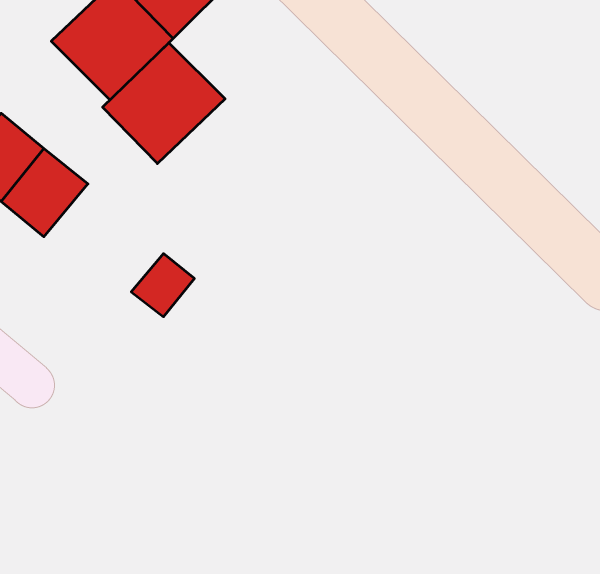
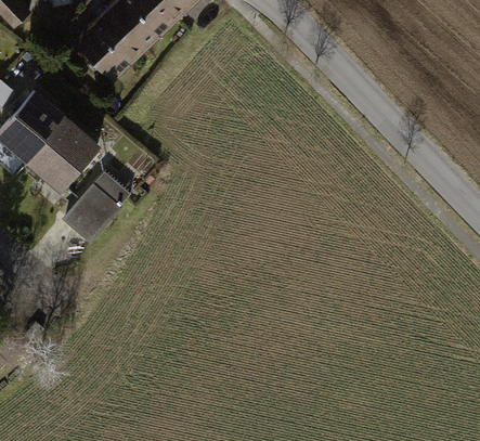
building: [103,43,225,164] -> none
building: [131,254,194,317] -> [69,190,116,236]

